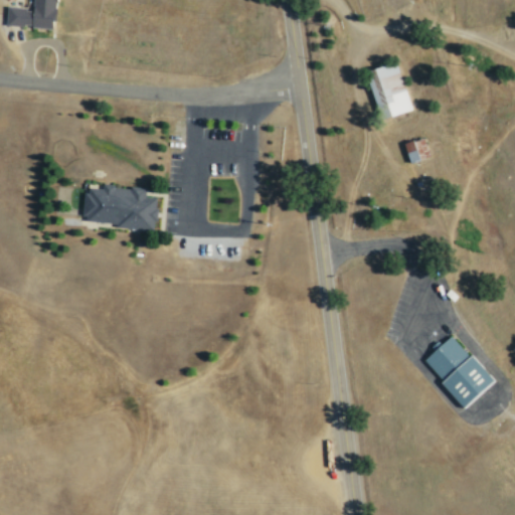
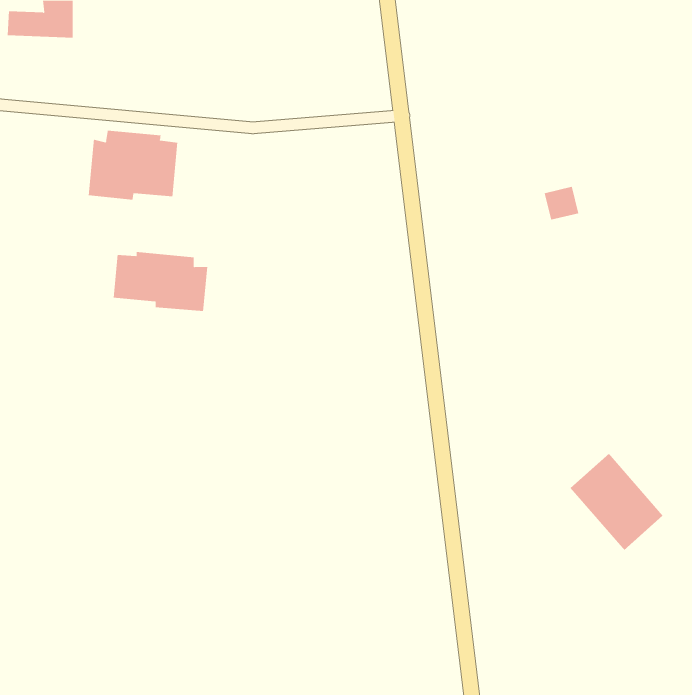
building: [366,62,411,119] -> none
building: none -> [88,130,178,201]

